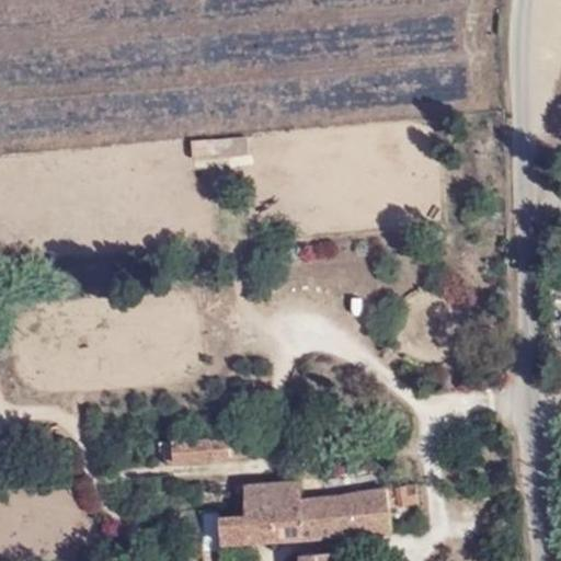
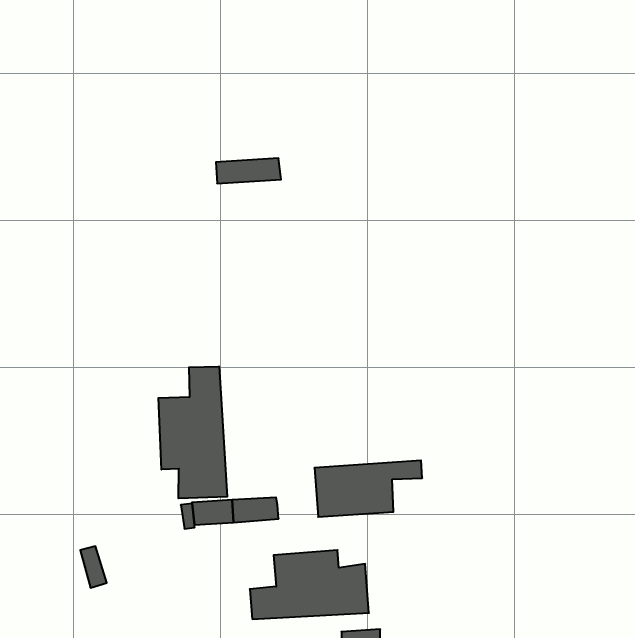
building: none -> [158,366,227,498]
building: [319,489,413,538] -> [314,460,422,517]

